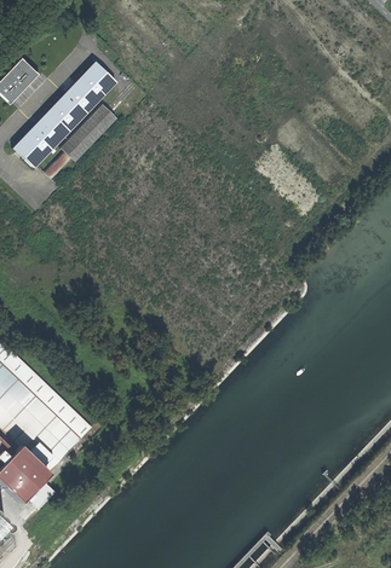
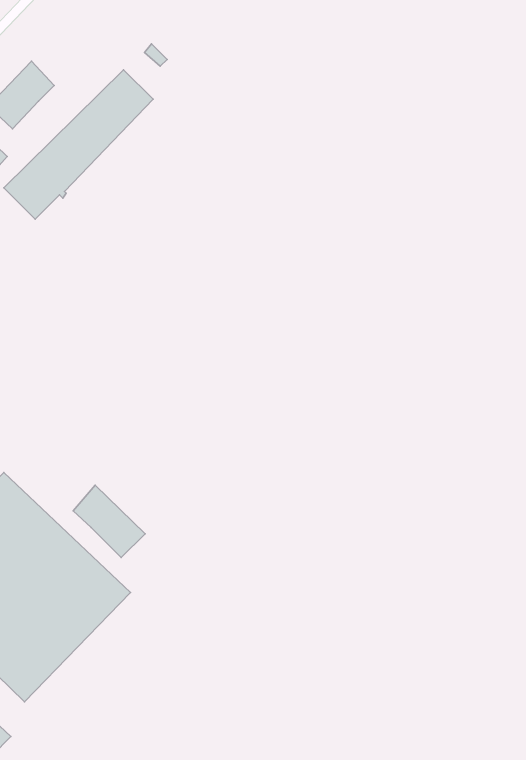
building: [36,106,111,180] -> none
building: none -> [73,485,145,558]

